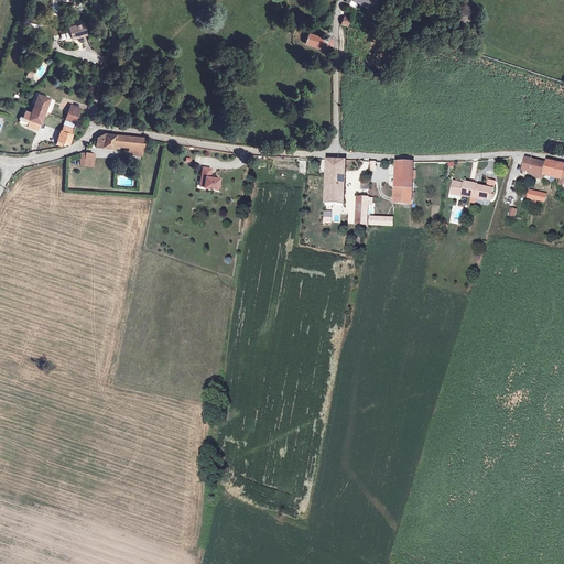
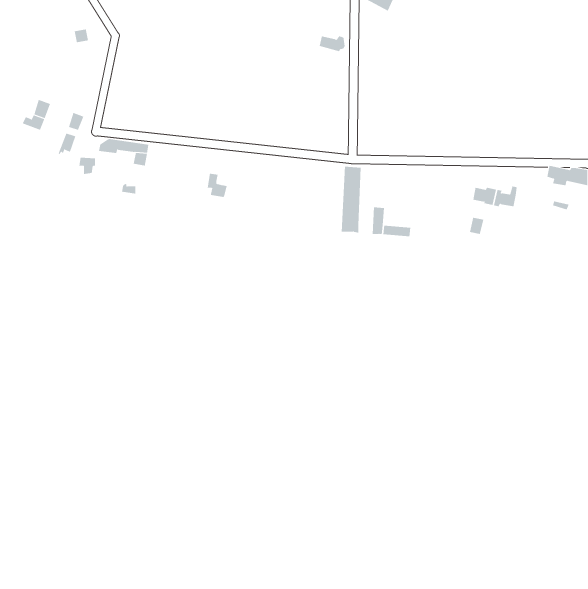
building: [393,162,412,204] -> none

